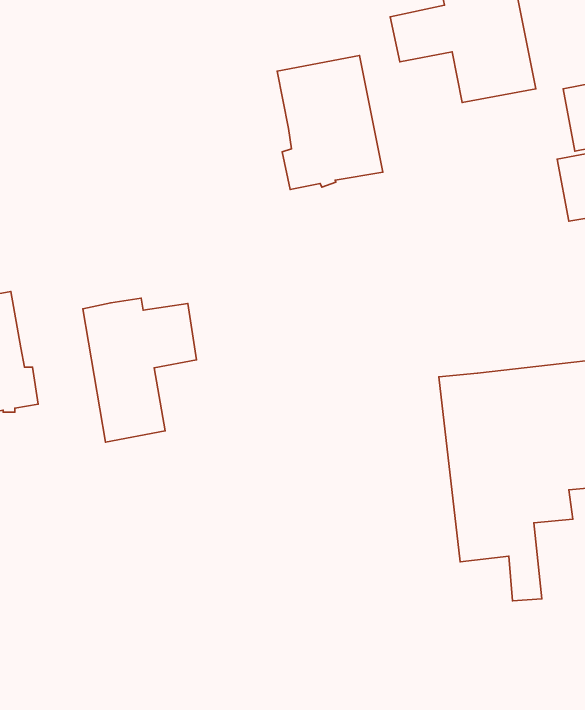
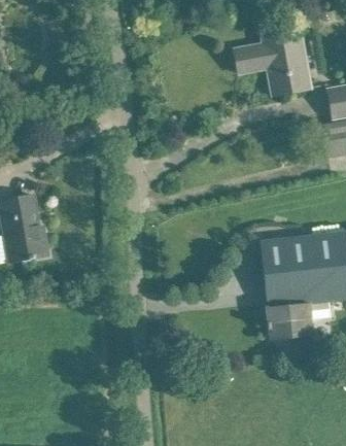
building: [277,55,383,189] -> none
building: [83,298,197,442] -> none

